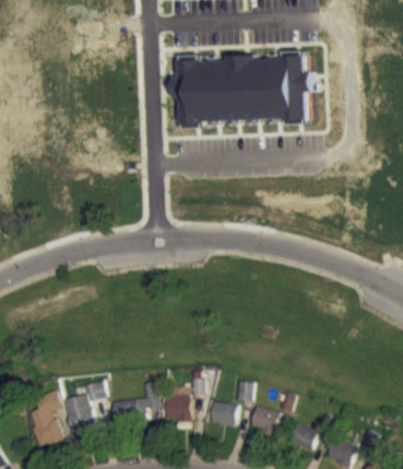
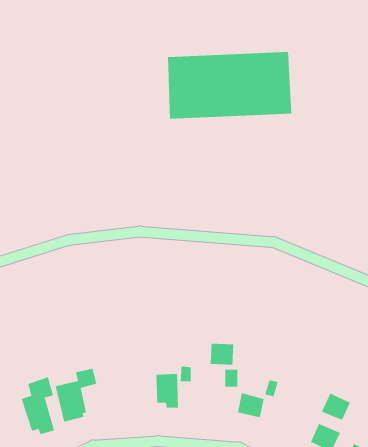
building: [114,382,158,421] -> none
building: [212,402,237,425] -> [210,343,234,365]
building: [289,422,320,450] -> [321,393,351,420]

